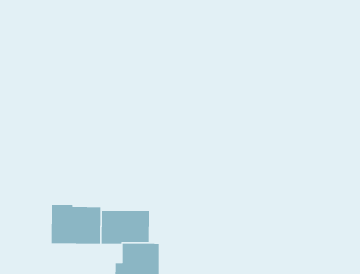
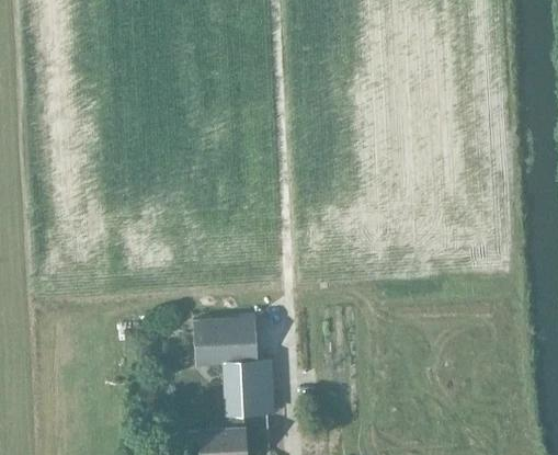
building: [51,204,101,245] -> none

